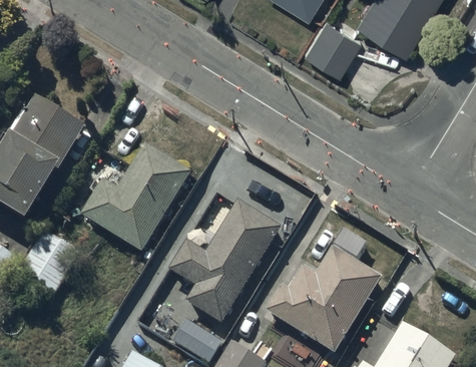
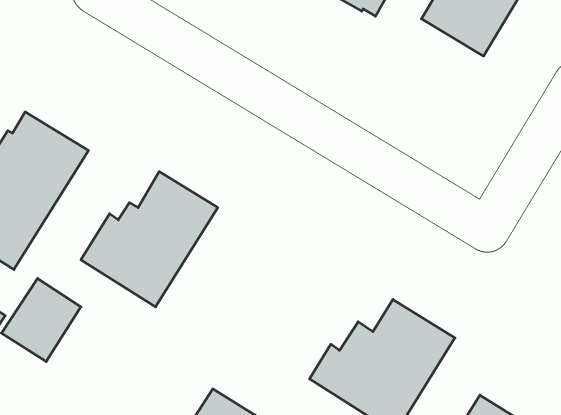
building: [304,13,361,69] -> none
building: [168,199,282,321] -> none

